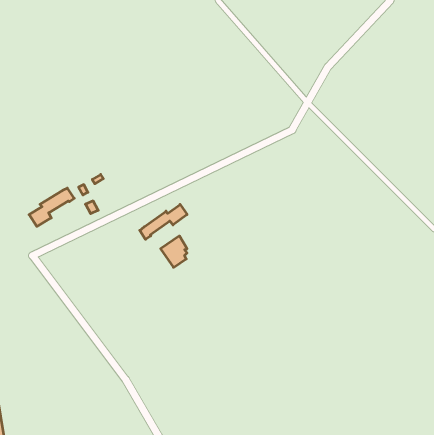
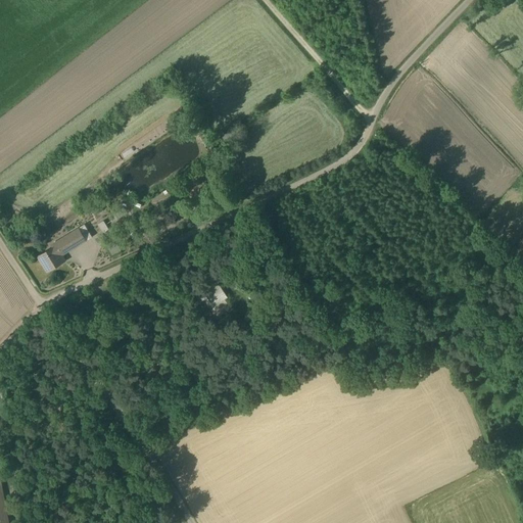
building: [140,204,187,239] -> none

